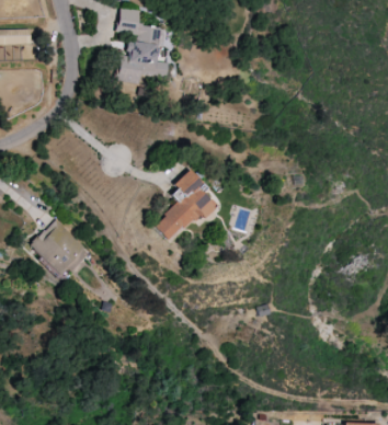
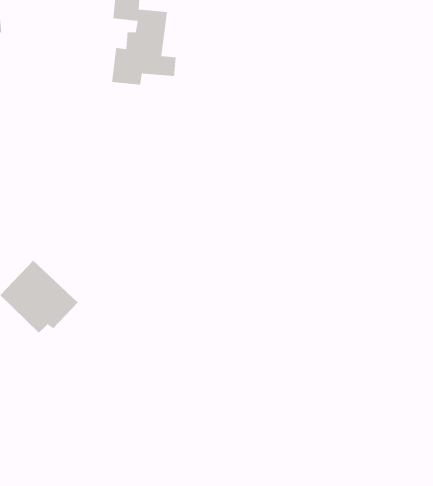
building: [155,173,220,242] -> none

